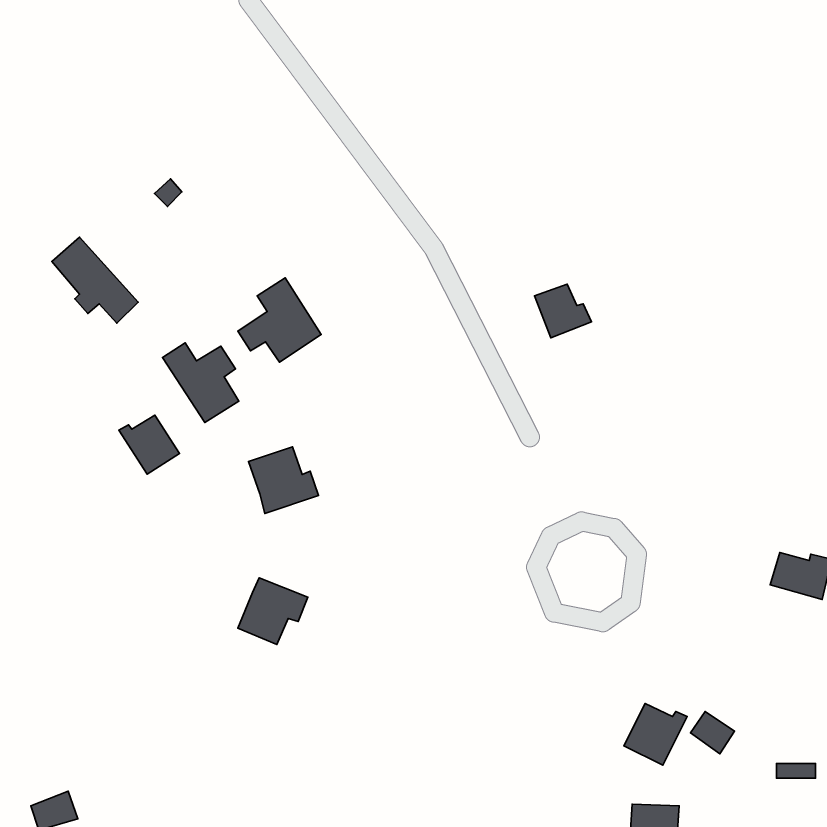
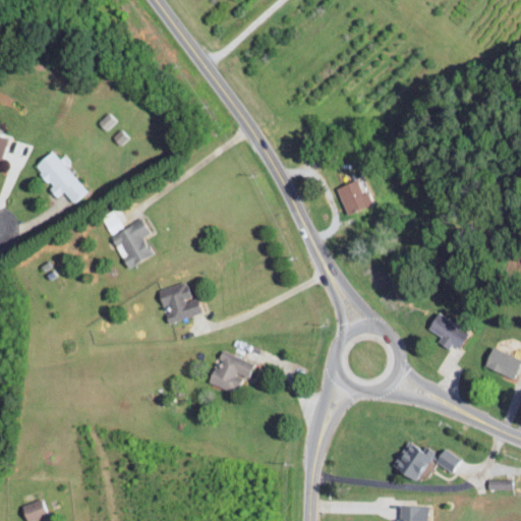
building: [238,278,321,362] -> none
building: [119,415,179,474] -> none
building: none -> [428,313,469,351]
building: [238,578,308,644] -> [210,351,253,393]

